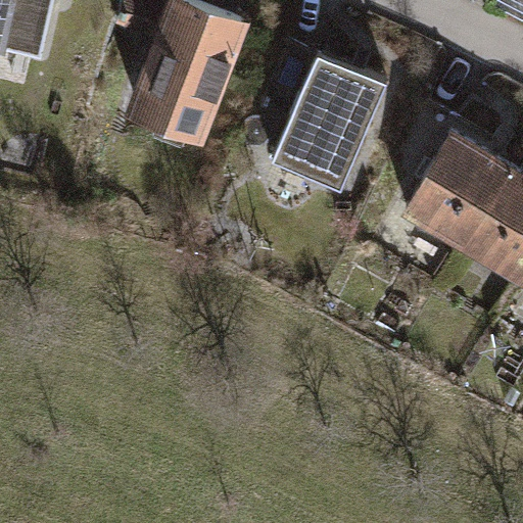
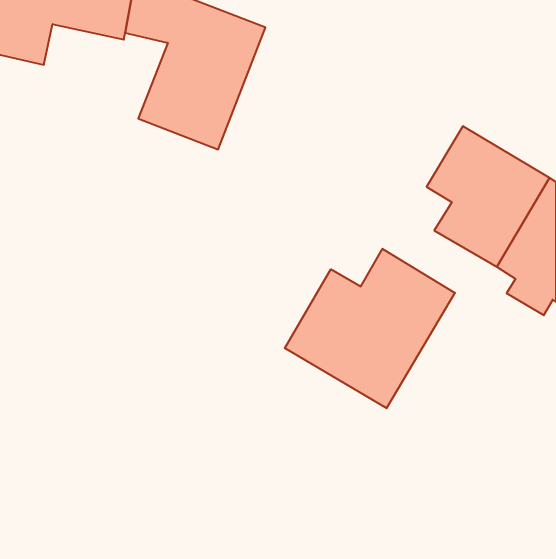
building: [275,55,386,187] -> none
building: none -> [285,249,455,408]

